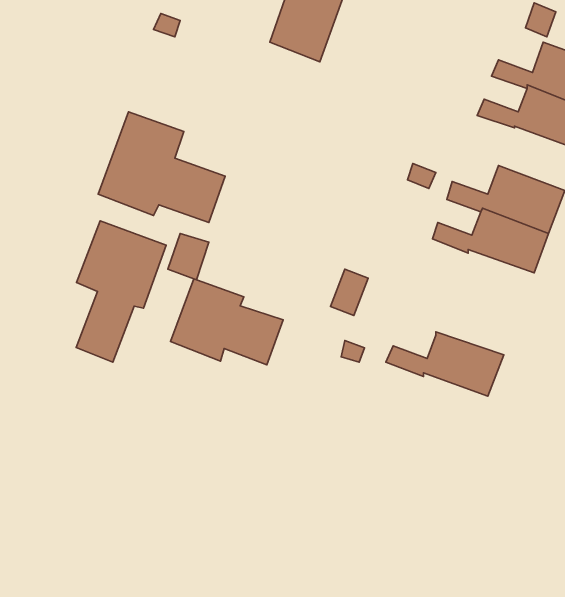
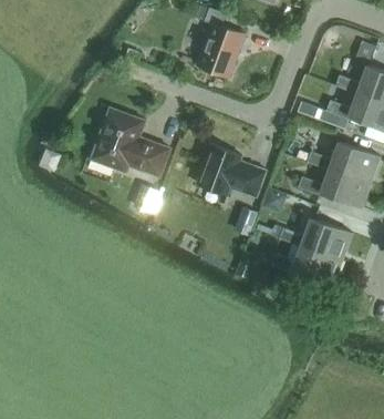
building: [76,221,166,362] -> none
building: [170,279,283,365] -> [196,144,266,197]
building: none -> [279,217,351,258]

